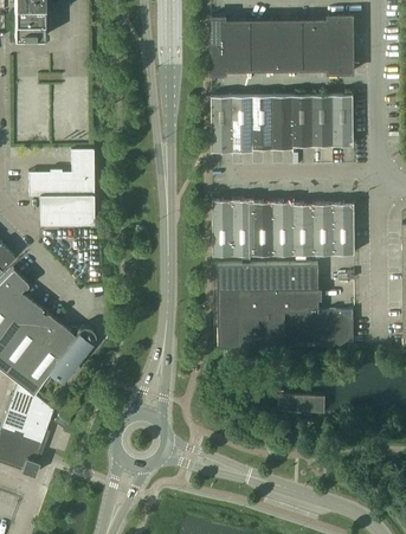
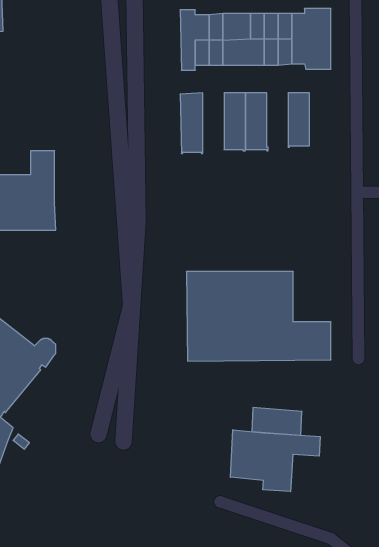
building: [333,95,354,147] -> none
building: [232,96,253,153] -> none
building: [292,96,312,147] -> none
building: [212,200,354,264] -> none
building: none -> [230,430,320,492]

